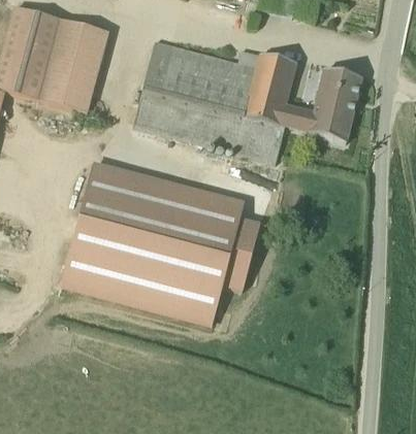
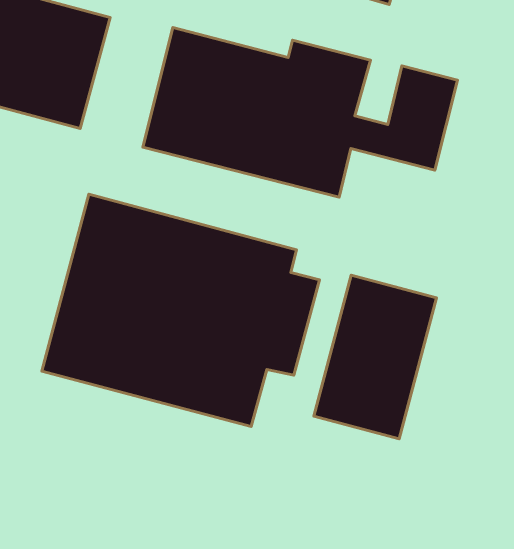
building: none -> [314,275,436,439]

